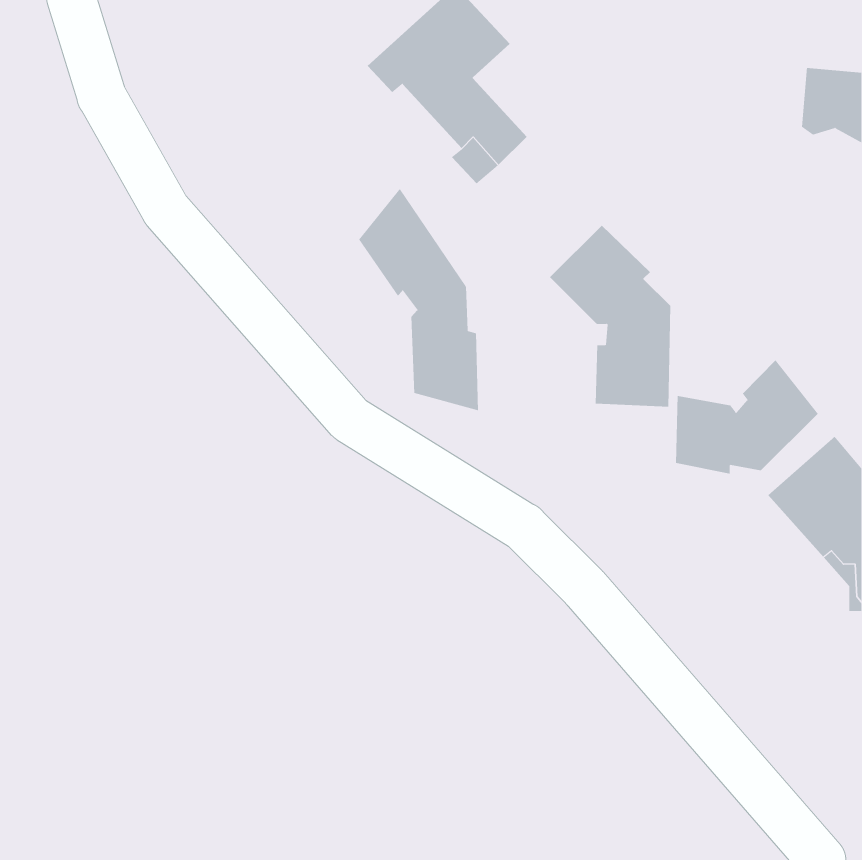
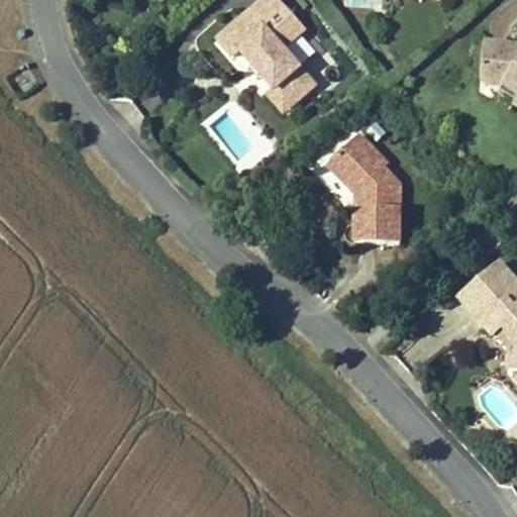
building: [358,188,479,411] -> none
building: [676,360,819,474] -> none

